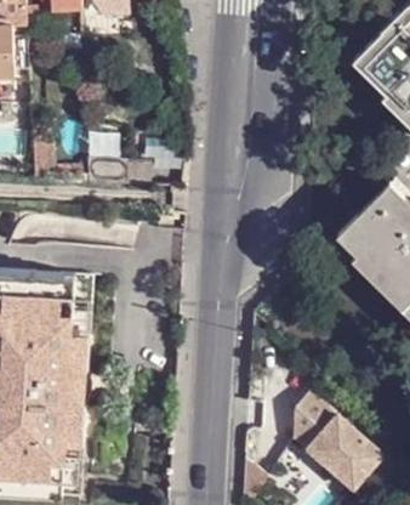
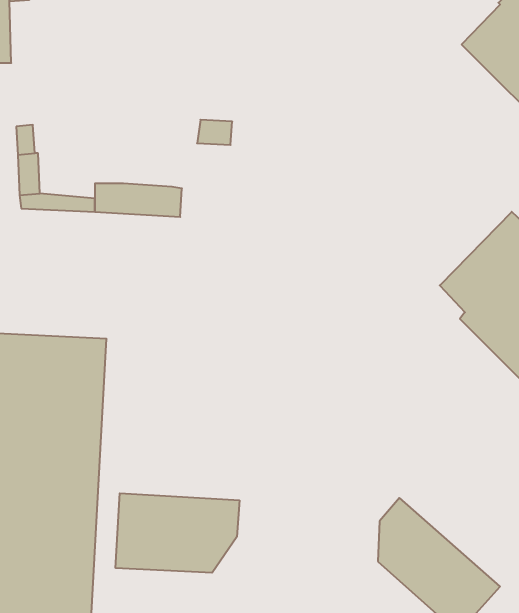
building: none -> [116,493,239,573]

